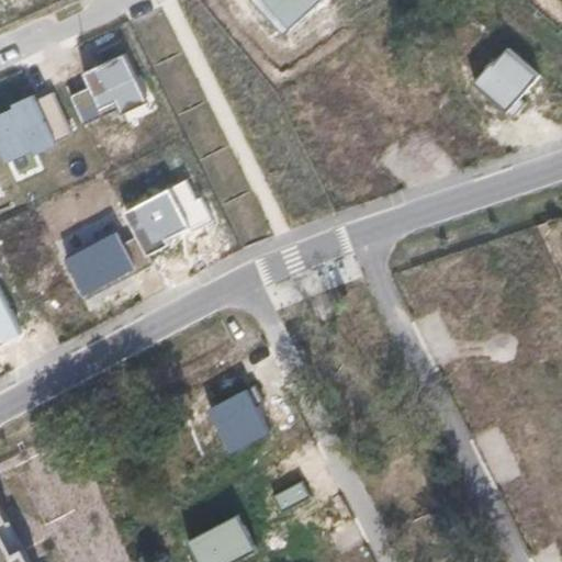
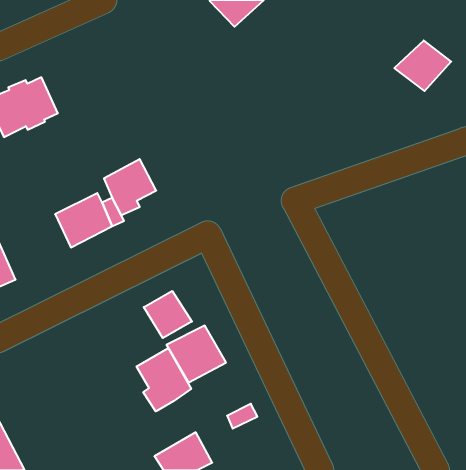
building: [69,52,144,122] -> none
building: [167,182,209,231] -> none
building: none -> [144,291,192,338]
building: none -> [137,348,191,411]

